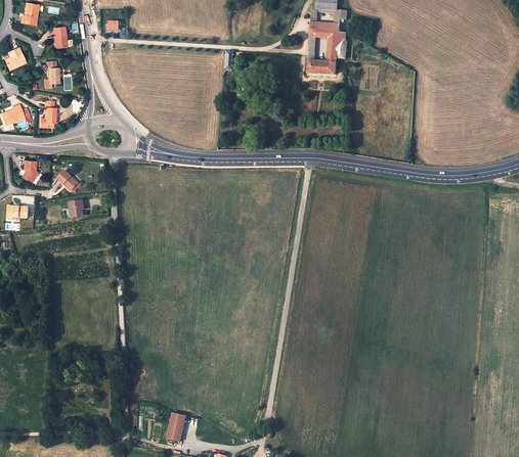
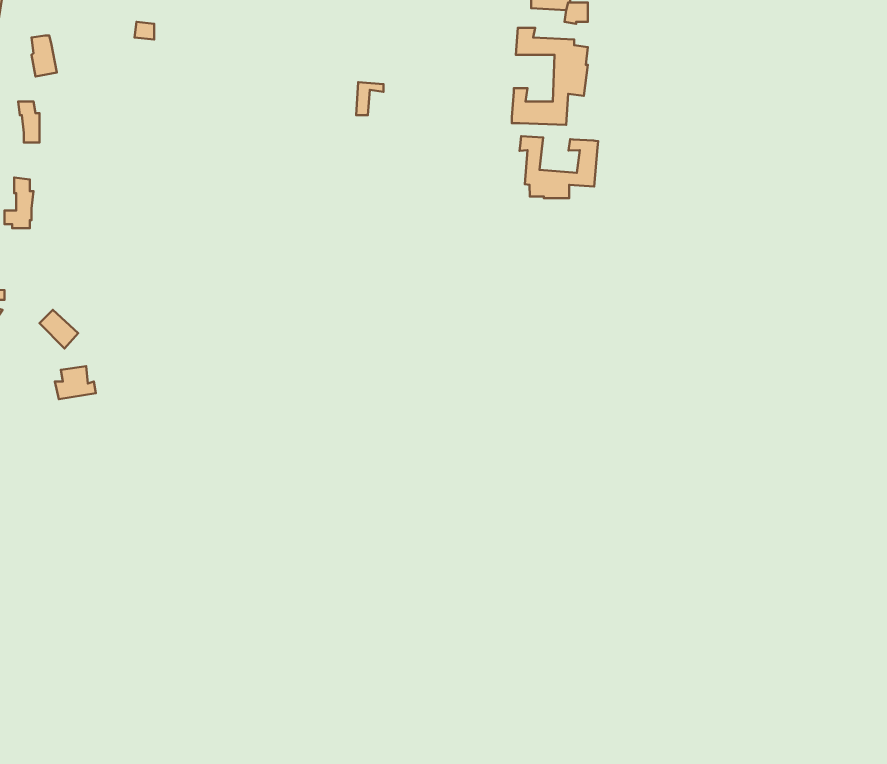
building: none -> [520,136,598,198]

